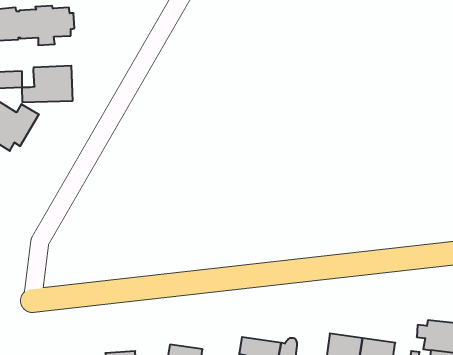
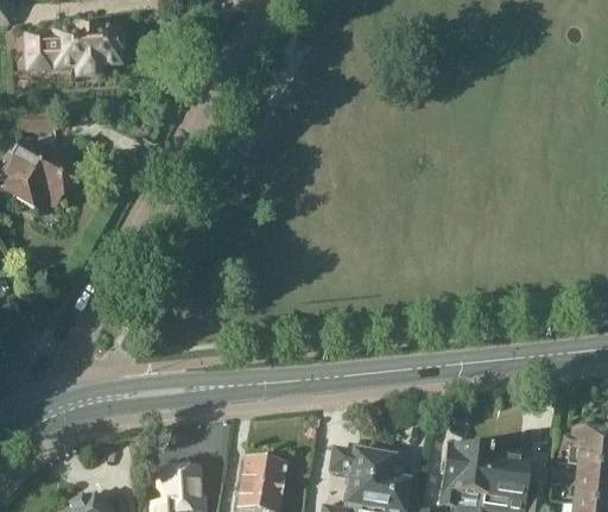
building: [22,66,72,102] -> none

